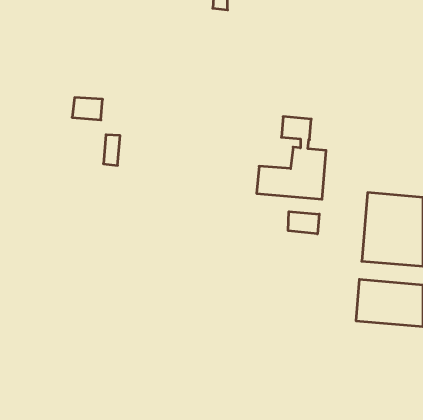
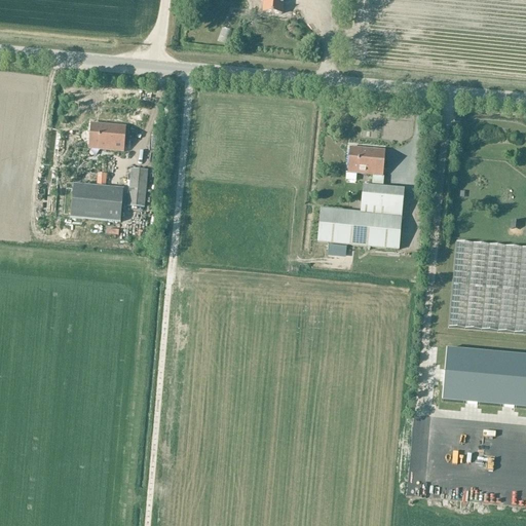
building: none -> [71,171,124,220]
building: [288,212,319,234] -> none

